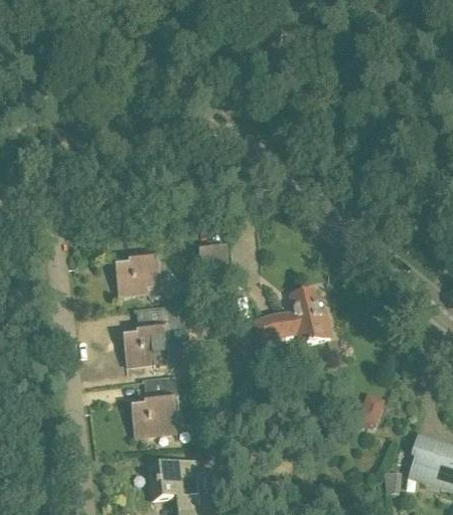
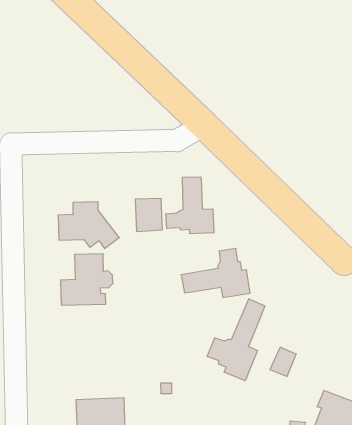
building: none -> [166,177,214,234]
building: none -> [207,299,265,381]
building: [130,376,176,437] -> none

